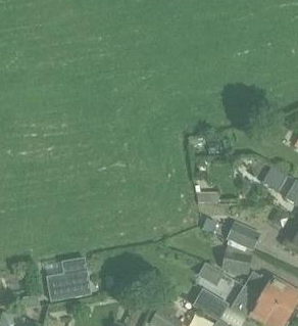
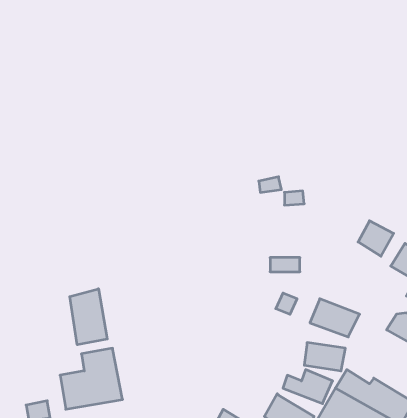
building: none -> [70,289,107,345]

